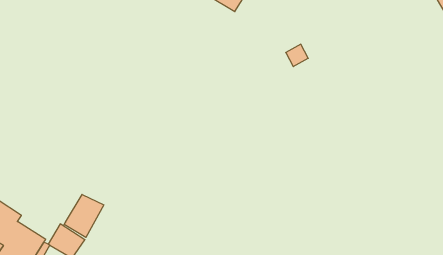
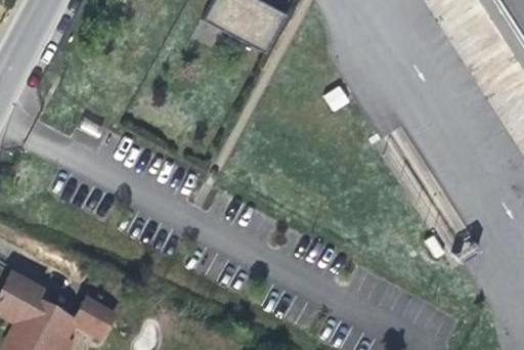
building: [64,194,104,237] -> none

